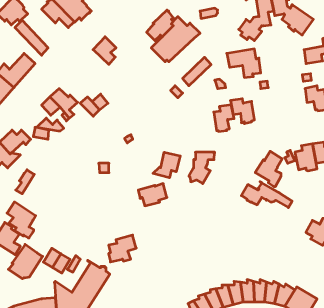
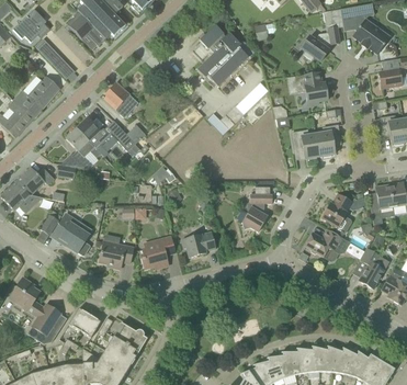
building: [93,37,116,64] -> [101,81,128,114]
building: [214,105,234,131] -> [316,124,340,156]
building: [153,152,180,178] -> none
building: none -> [99,240,133,268]
building: none -> [358,247,389,288]
building: [7,202,36,238] -> [57,212,91,254]
building: [109,235,136,262] -> [142,236,174,268]

